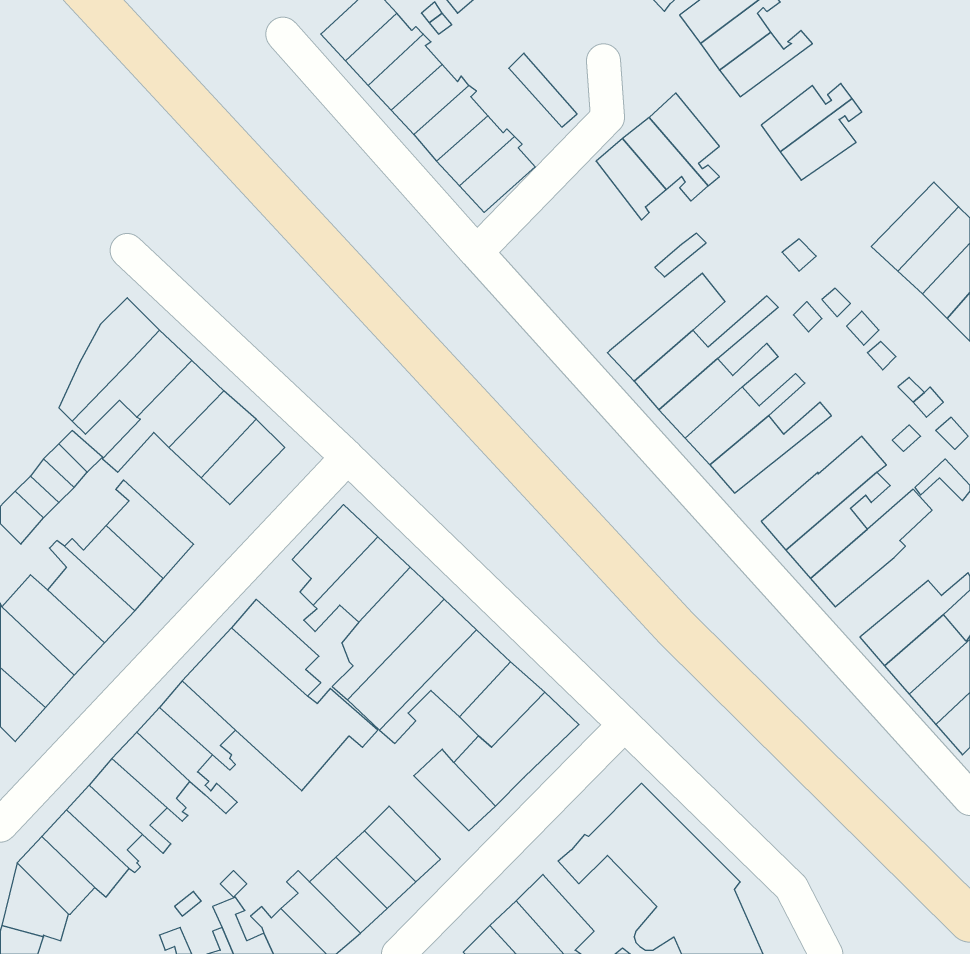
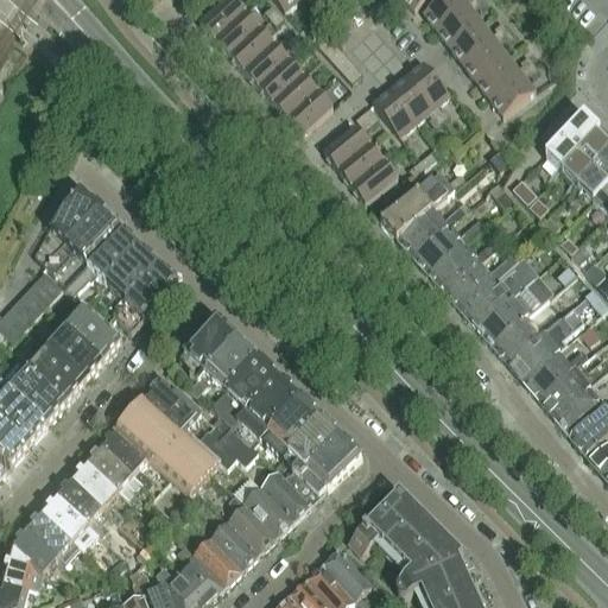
building: none -> [463,27,513,78]
building: none -> [324,104,398,203]
building: none -> [460,271,512,327]
building: none -> [522,347,602,399]
building: none -> [242,486,293,538]

